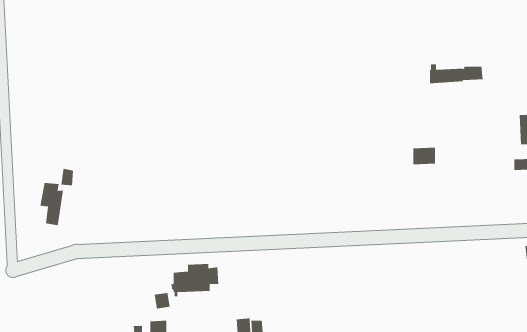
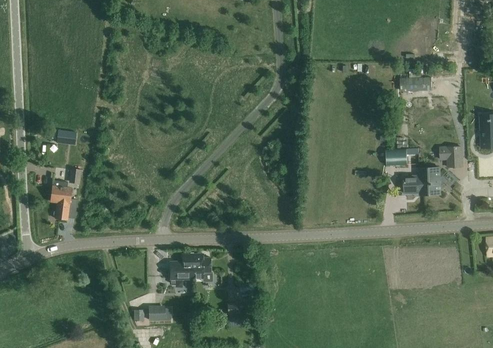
building: none -> [438,147,462,167]
building: none -> [405,167,441,195]

